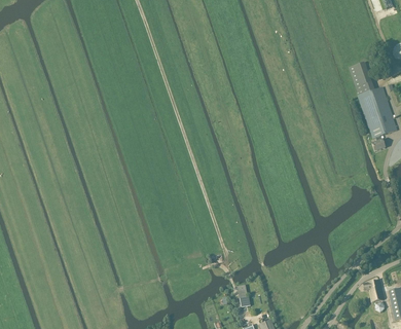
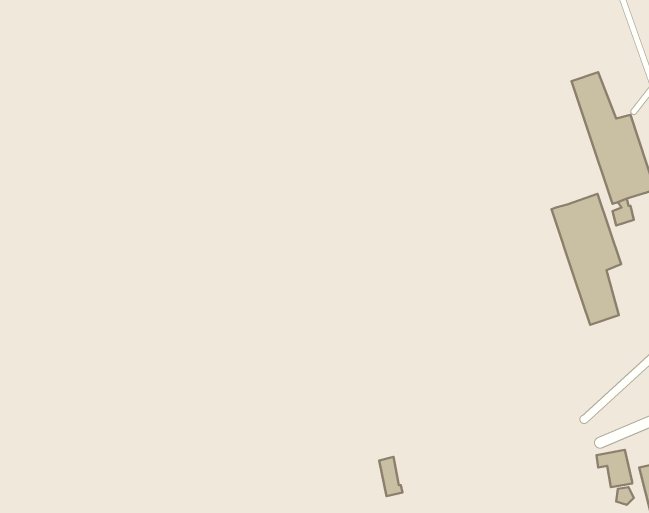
building: none -> [552,194,621,325]

